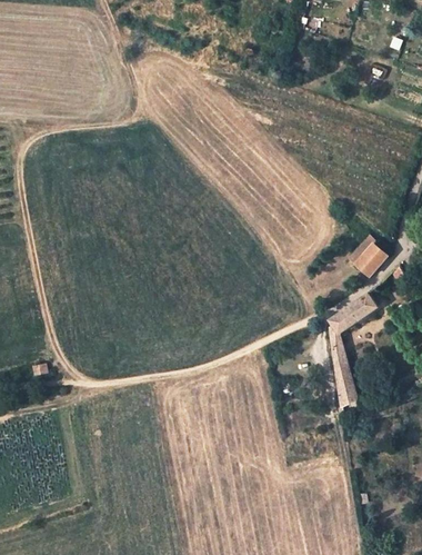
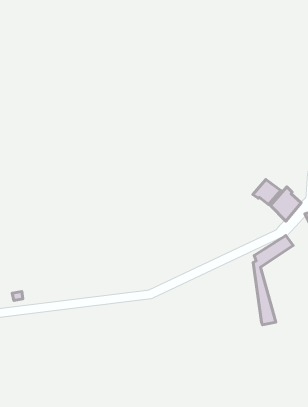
building: none -> [253,179,281,205]

